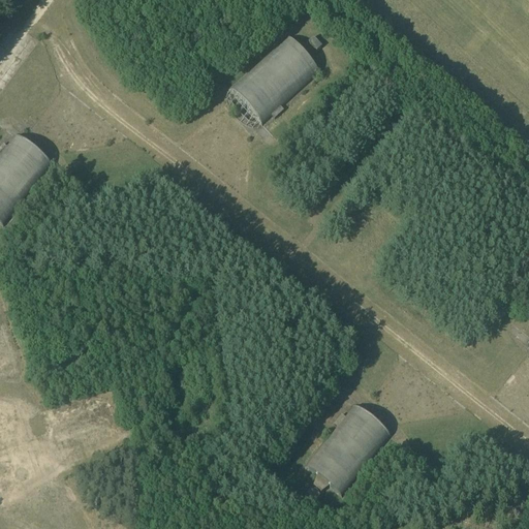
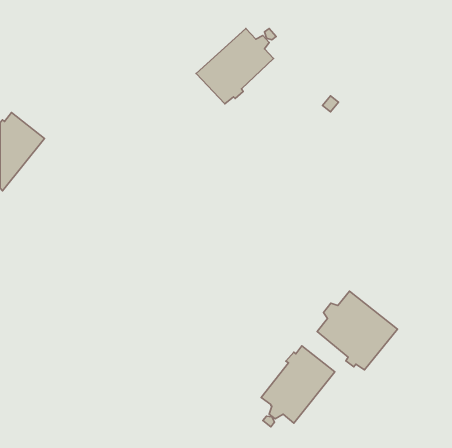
building: none -> [317,291,398,370]

